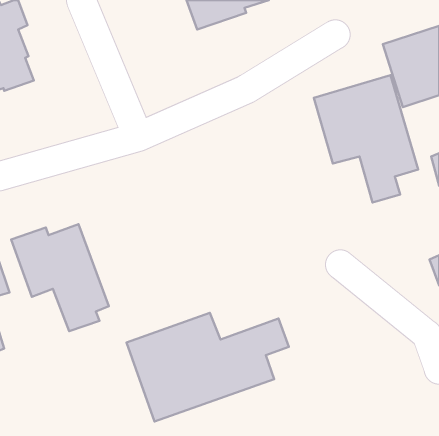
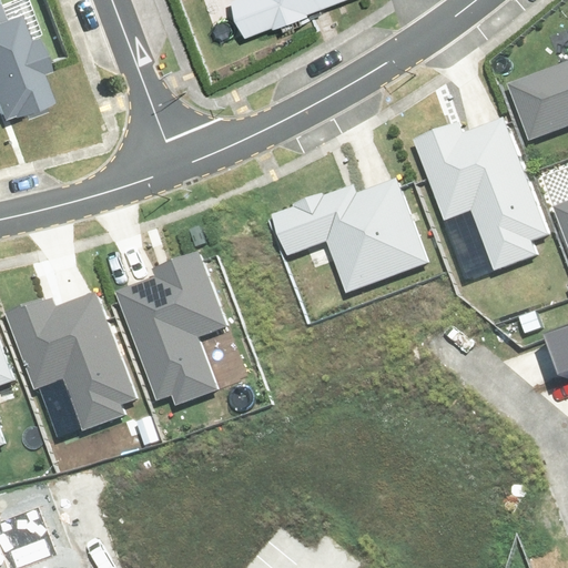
building: none -> [267,160,437,293]
building: none -> [121,258,226,410]
building: [126,313,289,422] -> none

